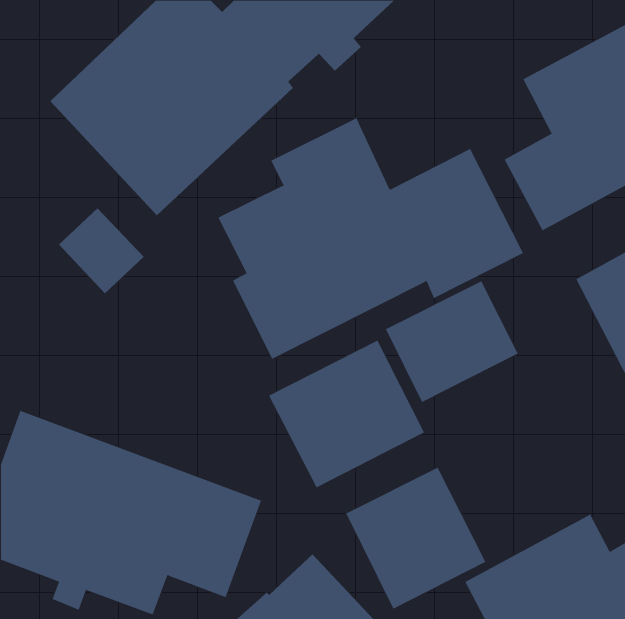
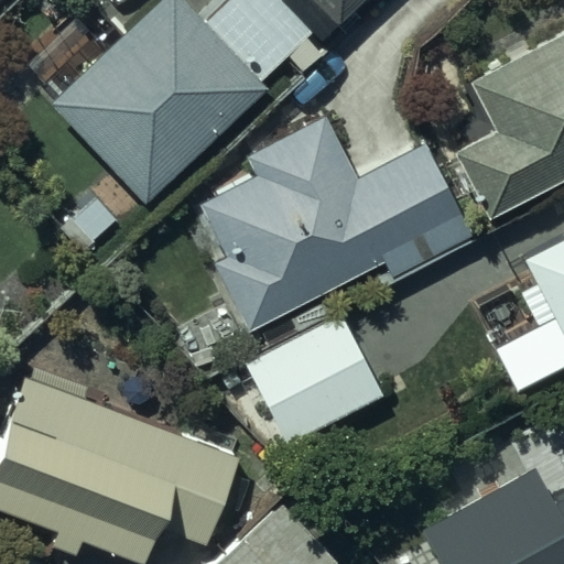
building: [385,280,519,403] -> none
building: [345,467,486,610] -> none

